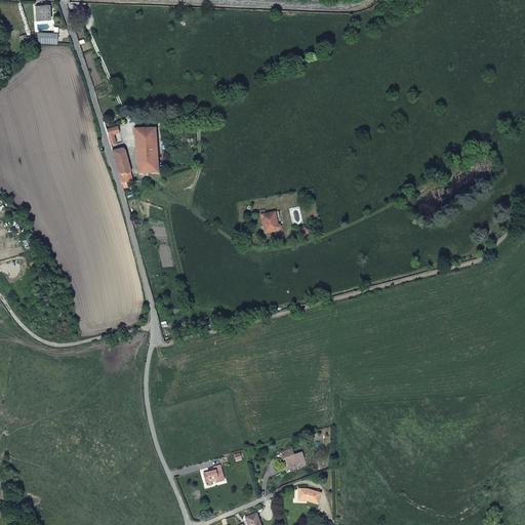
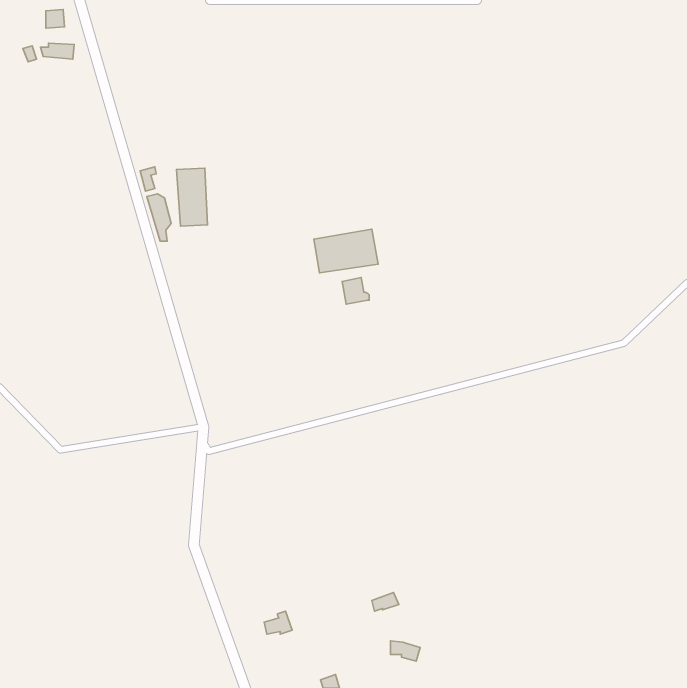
building: none -> [314,229,378,273]

